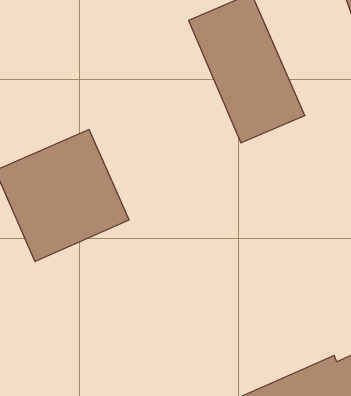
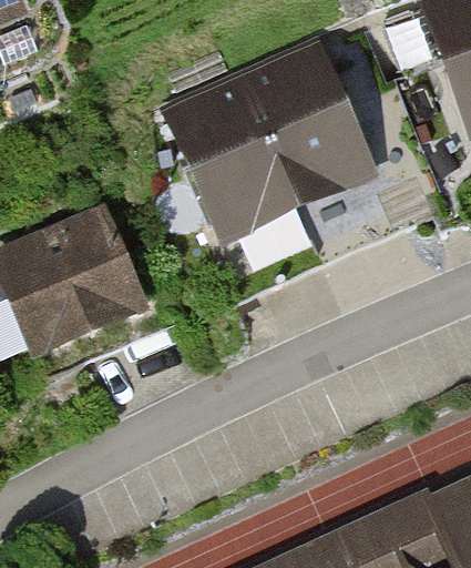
building: none -> [158,71,304,258]

